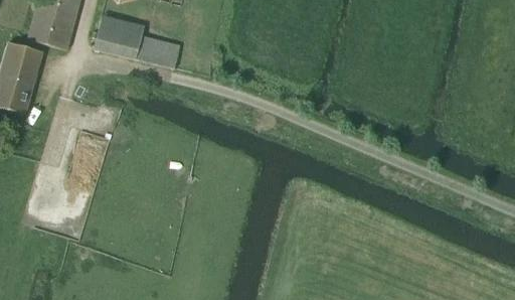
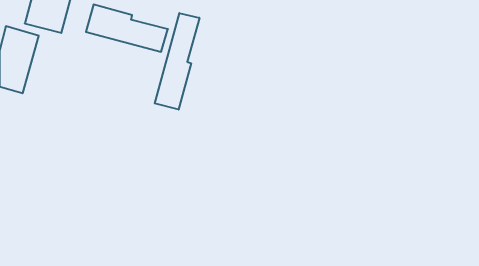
building: none -> [155,13,199,110]

